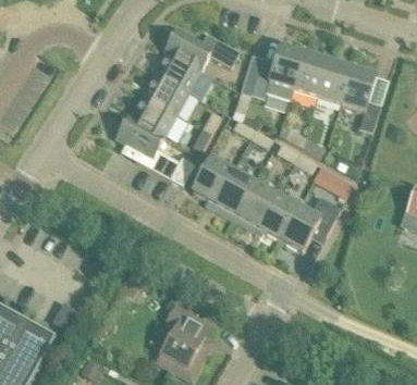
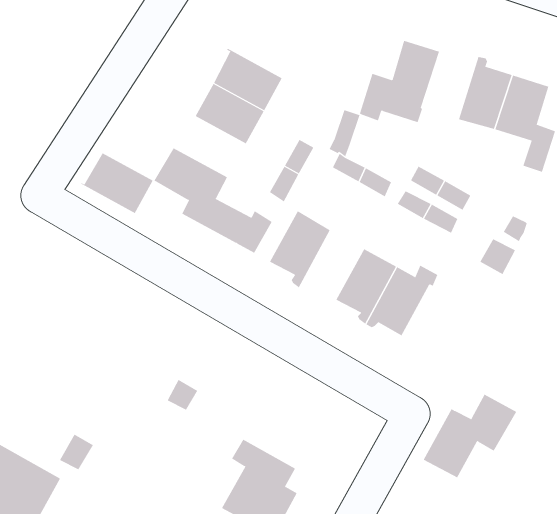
building: [164,29,240,71] -> none
building: [292,53,329,98] -> none
building: [128,96,176,136] -> [81,153,153,214]
building: [211,171,254,216] -> none
building: [279,197,341,252] -> [423,394,517,478]

